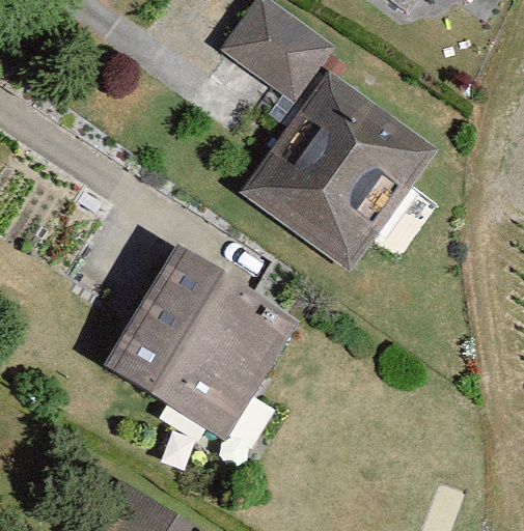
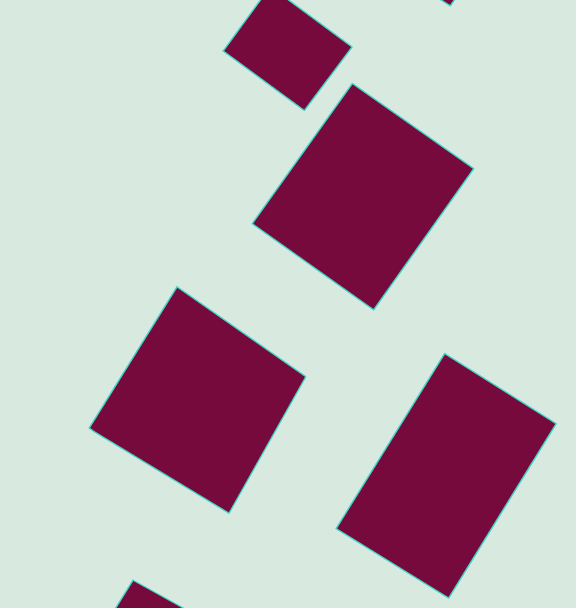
building: none -> [336,353,556,598]

